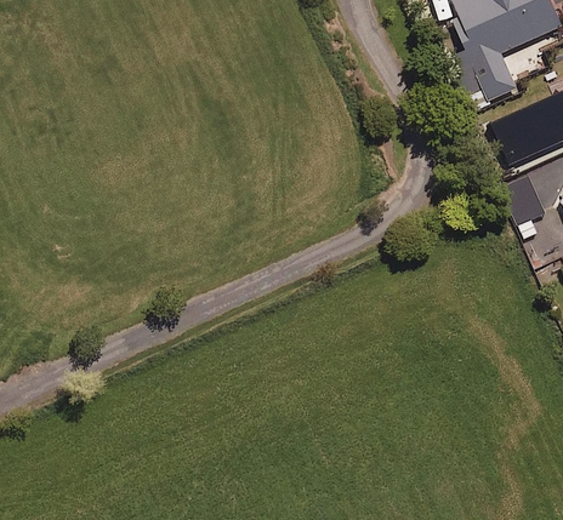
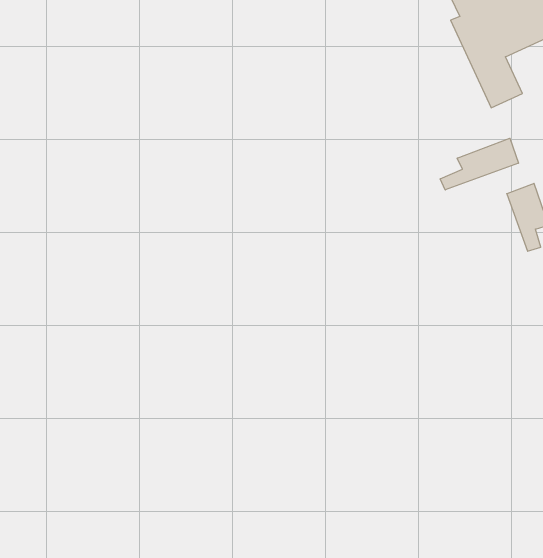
building: none -> [440,138,518,190]

